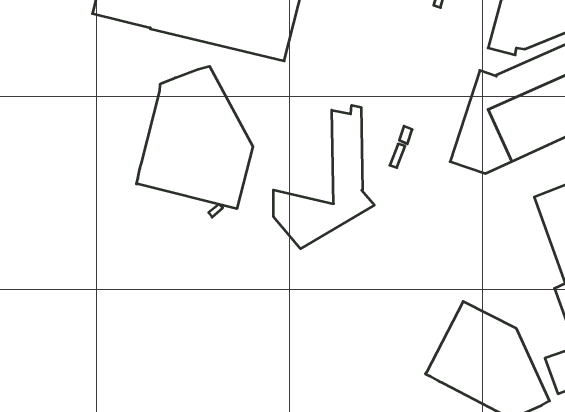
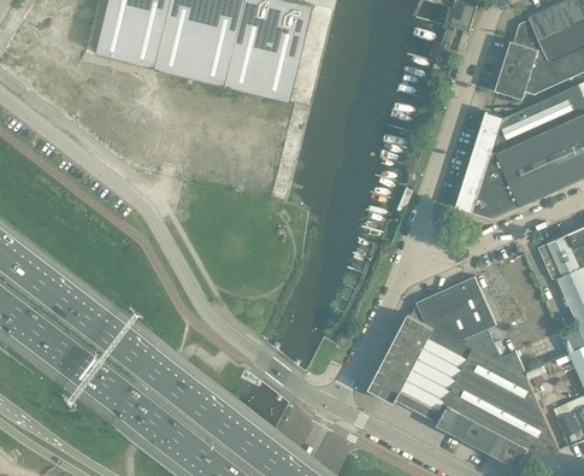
building: [136,66,253,209] -> none
building: [273,105,374,249] -> none
building: none -> [370,276,526,419]

